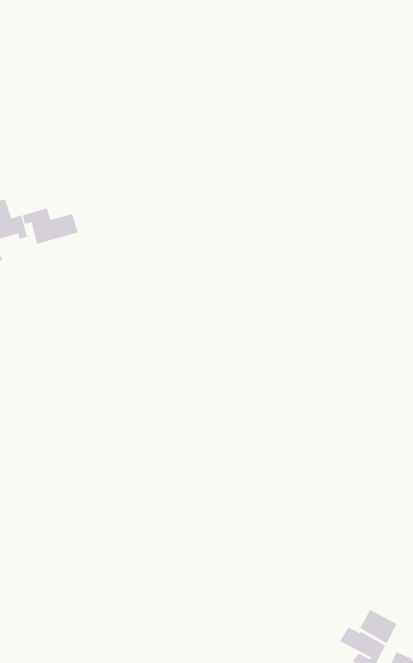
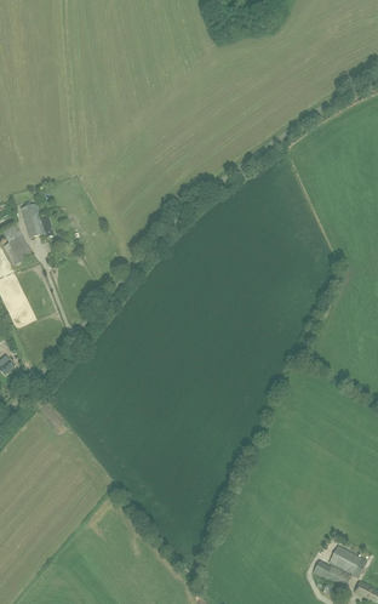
building: [22,208,79,245] -> none

